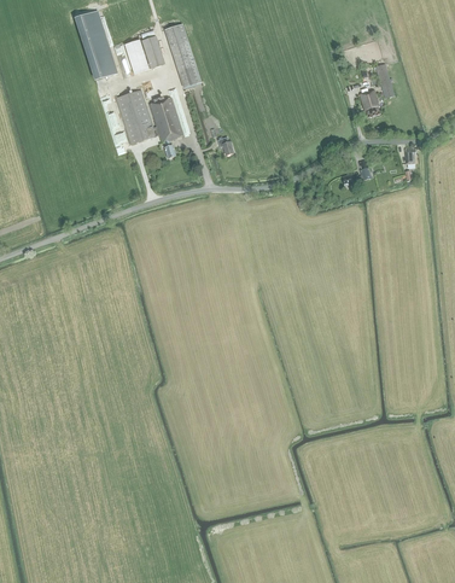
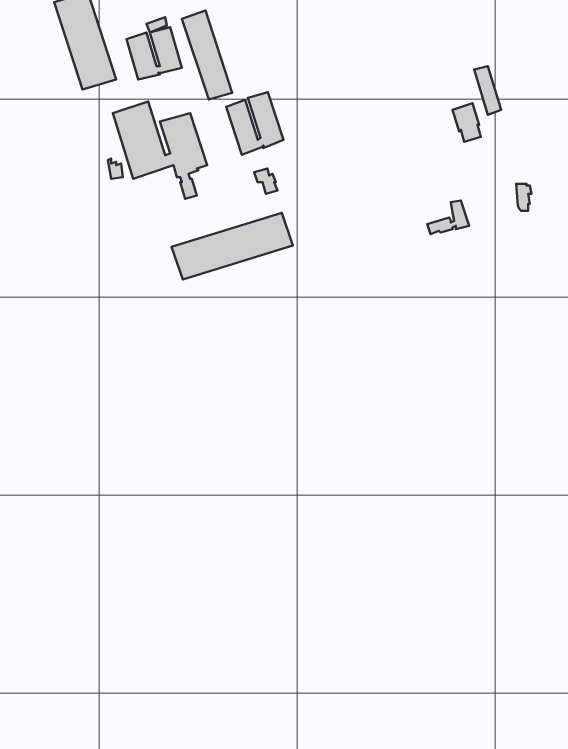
building: none -> [226,92,283,155]
building: none -> [172,213,293,279]

